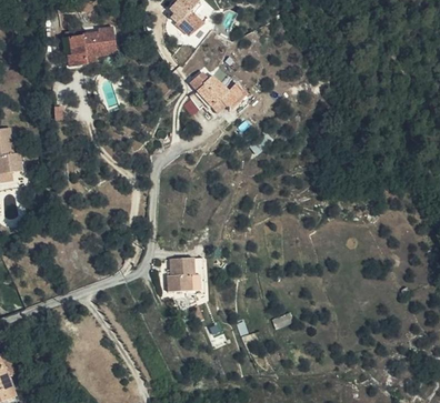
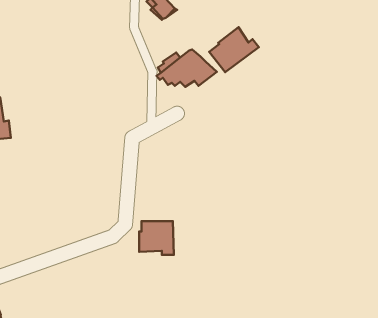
building: [62,24,117,67] -> none
building: none -> [209,27,259,72]

